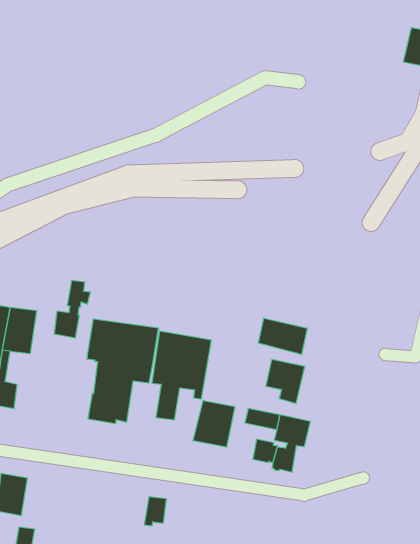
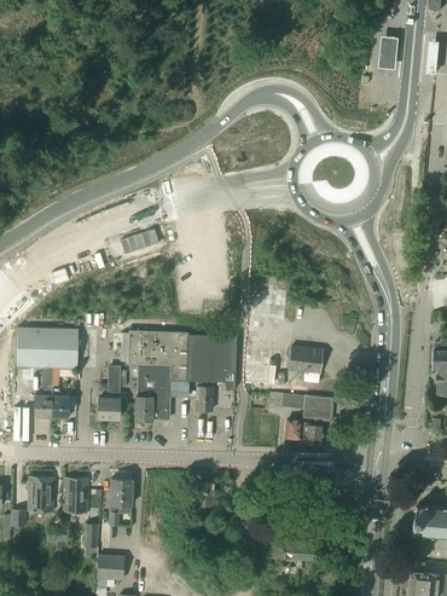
building: [54,280,90,338] -> [98,369,126,419]
building: [259,318,307,355] -> none
building: [193,400,235,447] -> none
building: none -> [109,479,132,525]

